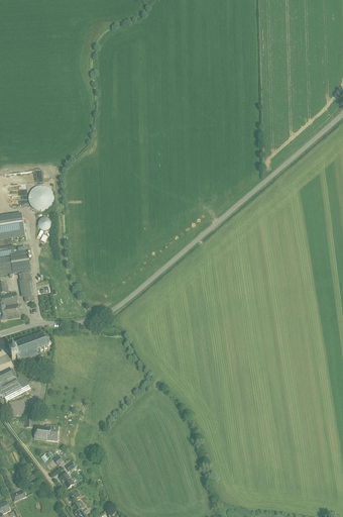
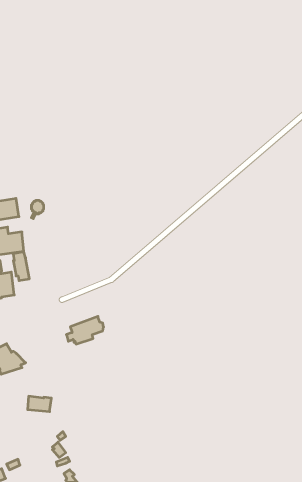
building: [27,185,53,210] -> none
building: [9,331,48,360] -> [66,316,104,344]

